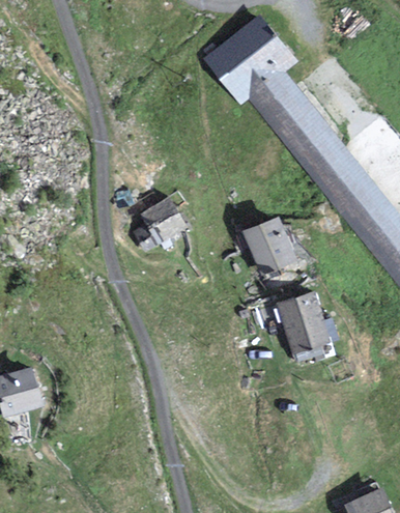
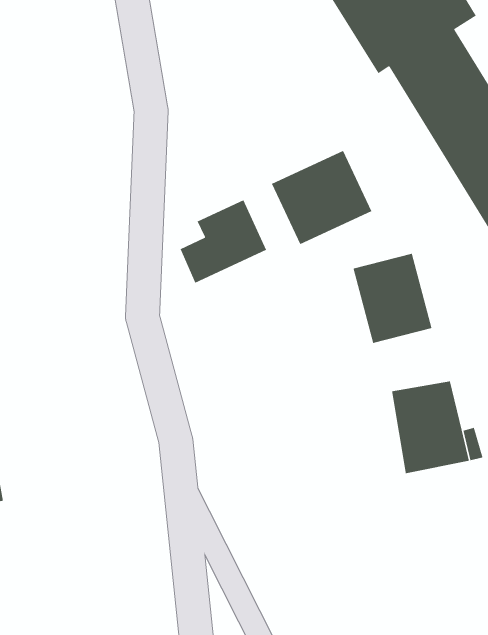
building: none -> [271,150,372,245]

